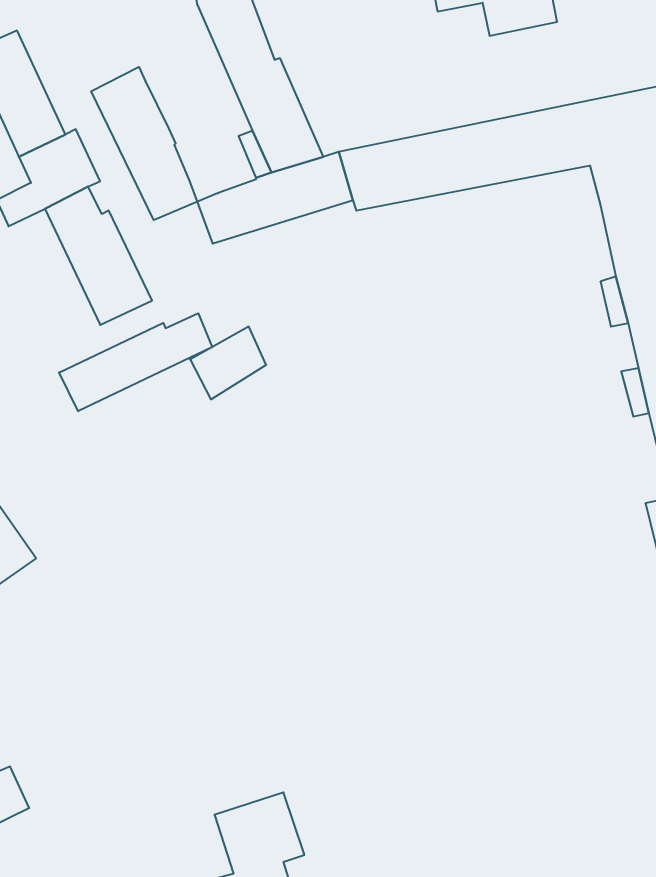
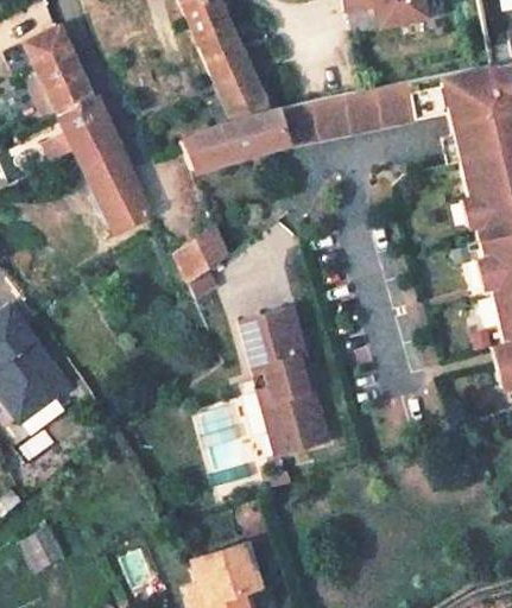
building: [91,67,197,220] -> none
building: [59,313,212,411] -> none
building: none -> [240,310,328,460]

